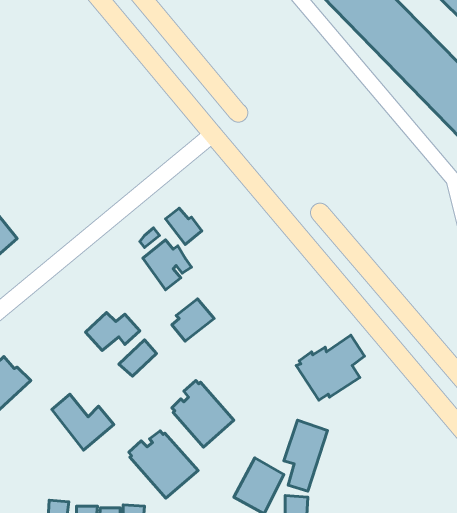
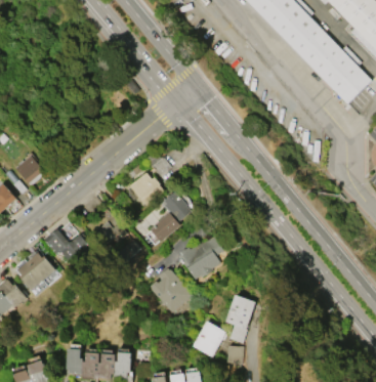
building: none -> [164,190,192,220]
building: [296,335,364,400] -> [179,235,225,279]
building: [52,394,114,450] -> [46,227,88,265]
building: [129,431,198,498] -> none

